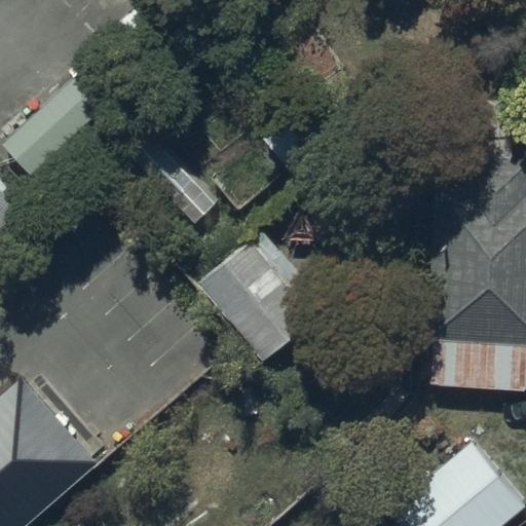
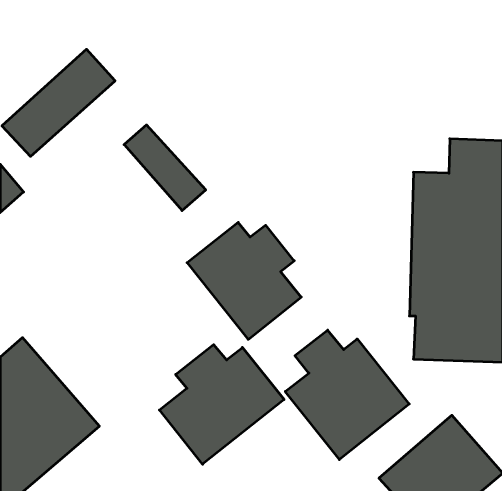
building: none -> [285,330,409,460]
building: none -> [159,345,284,464]

